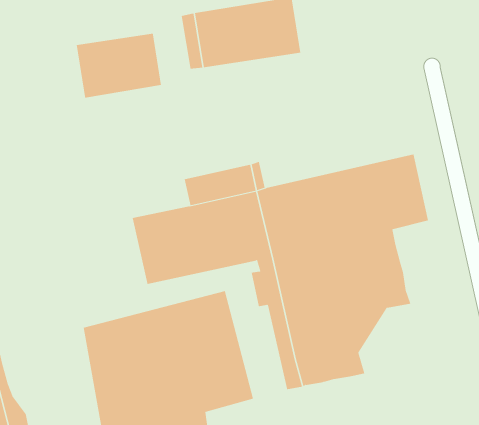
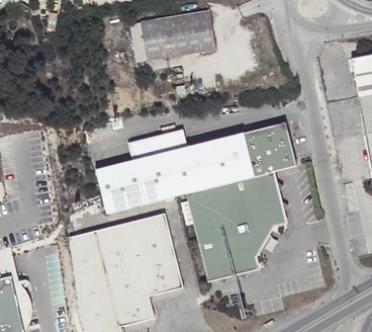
building: [76,33,162,99] -> none

